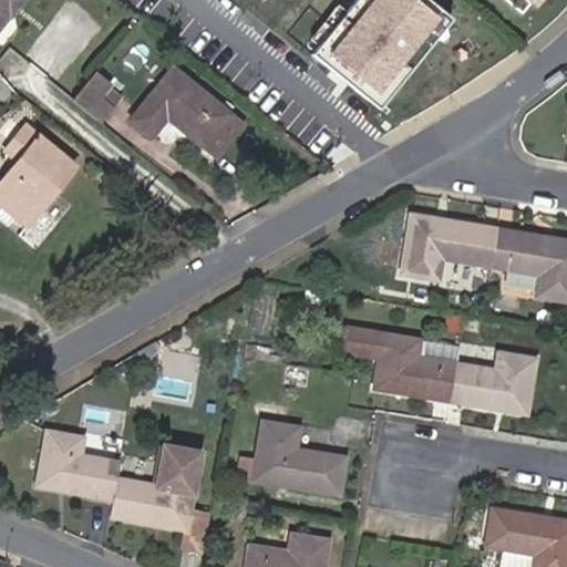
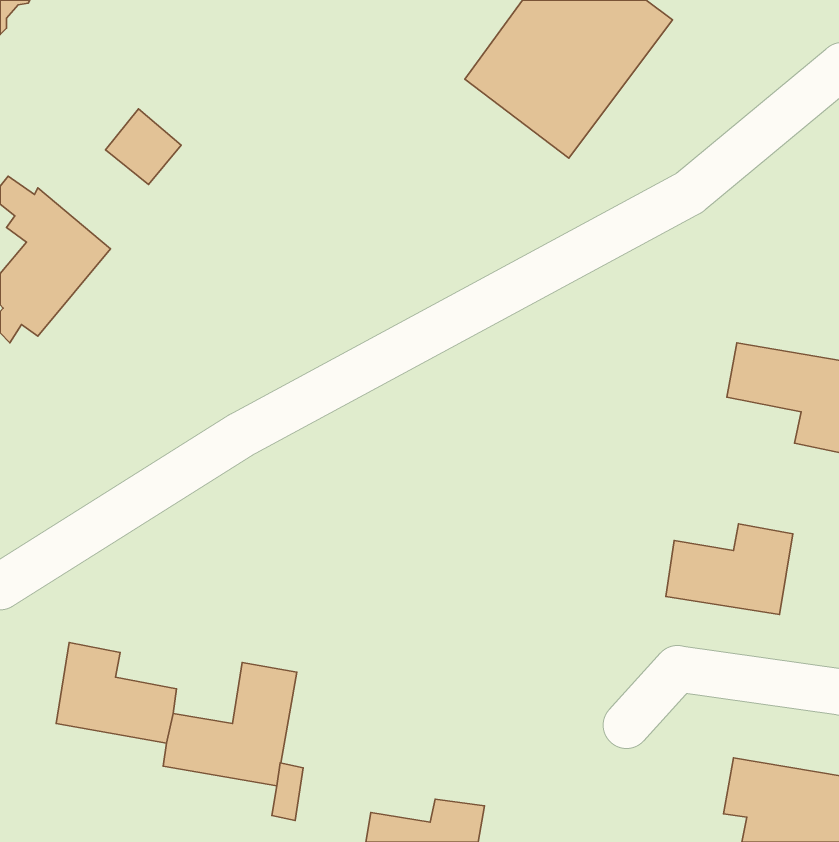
building: [134,69,230,146] -> none
building: [401,215,497,279] -> none
building: [346,329,458,401] -> none
building: [238,423,346,494] -> none

